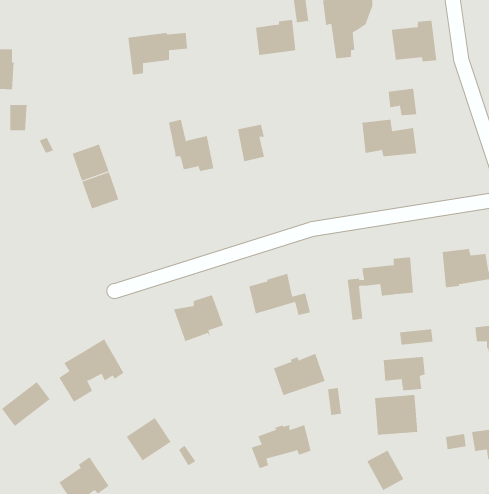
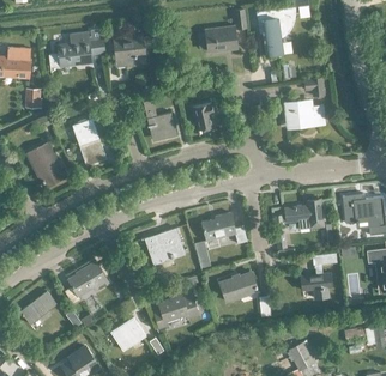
building: [391,20,437,62] -> none
building: none -> [49,31,104,67]
building: none -> [26,144,65,187]
building: [374,394,418,436] -> none
building: [251,425,312,469] -> [153,295,198,327]

